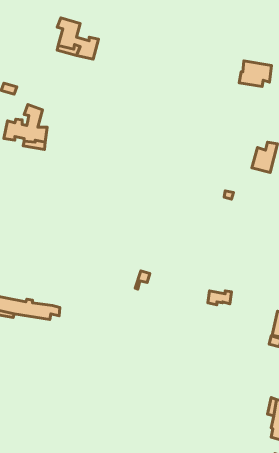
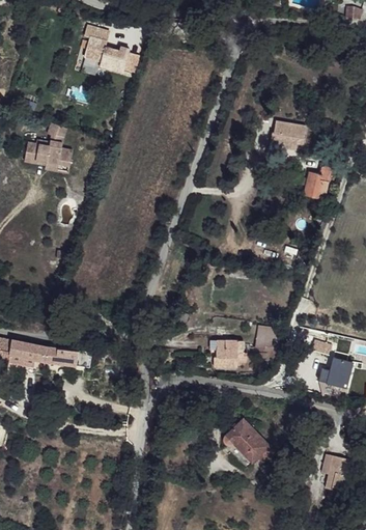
building: [239,61,271,87] -> [270,121,306,150]
building: none -> [210,340,247,367]
building: none -> [222,417,275,463]

